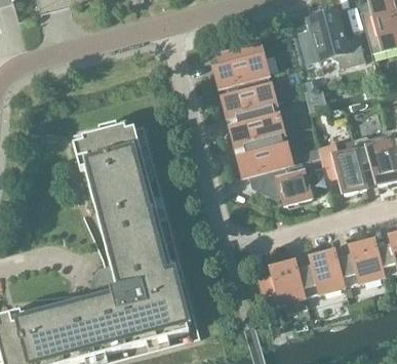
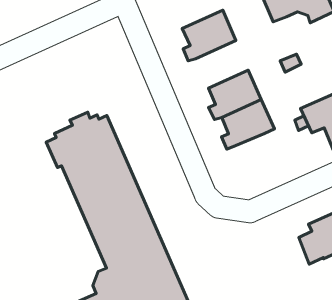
building: [225,75,275,117] -> none
building: [252,161,312,206] -> none
building: [259,262,306,308] -> none

